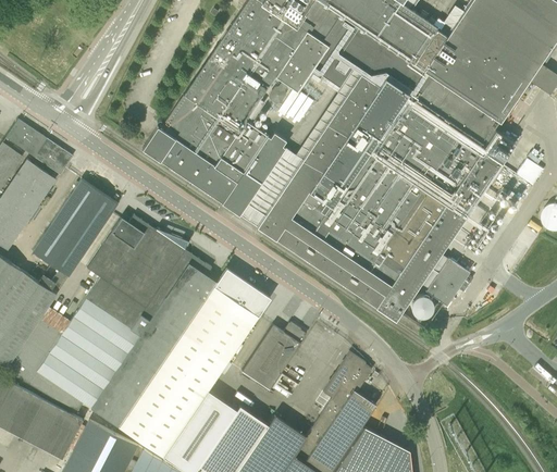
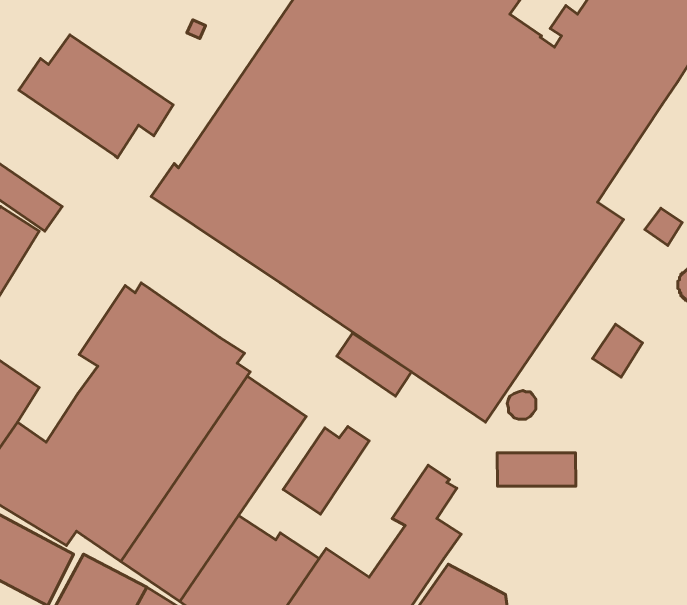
building: none -> [19,35,173,158]
building: [32,181,117,277] -> none
building: [425,260,463,300] -> [592,324,643,377]
building: [213,269,270,316] -> [337,333,411,396]
building: none -> [497,453,576,486]

